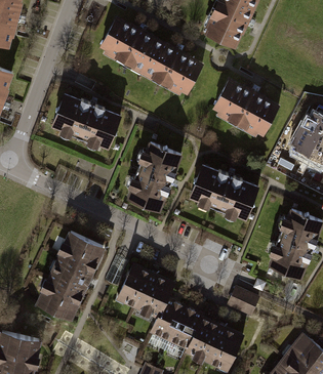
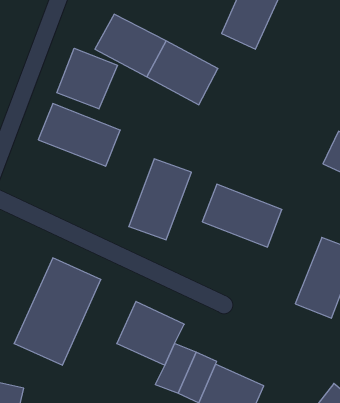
building: none -> [57,48,117,109]
building: [213,82,279,138] -> none
building: [224,286,257,318] -> none

